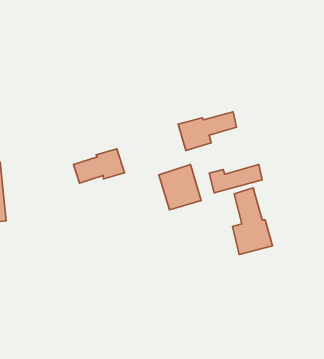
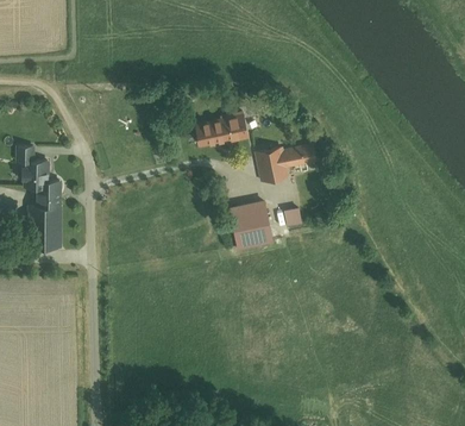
building: [73,149,124,183] -> [195,113,249,146]
building: [232,188,273,254] -> none

